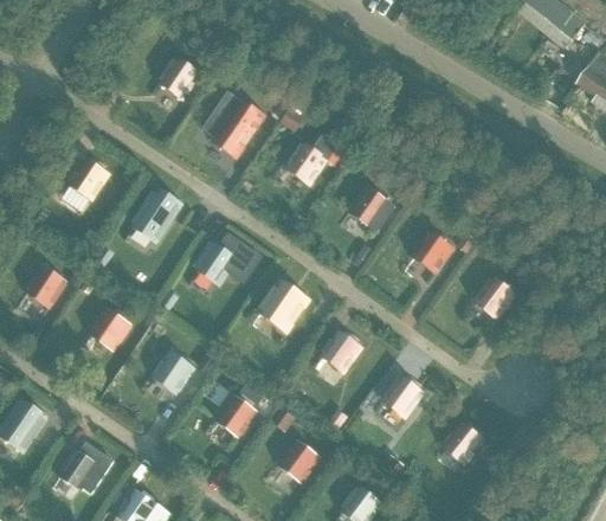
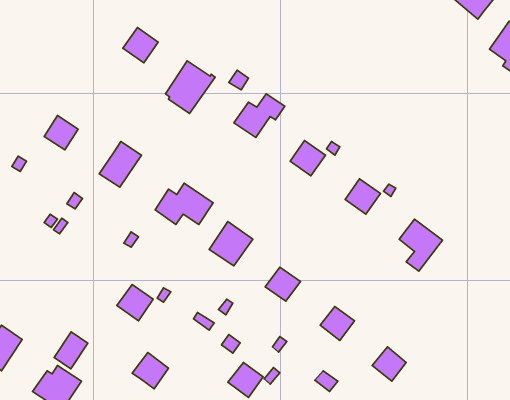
building: [25,264,65,305] -> none
building: [89,307,129,348] -> none
building: [214,394,256,436] -> [132,353,169,389]
building: none -> [54,332,88,369]

